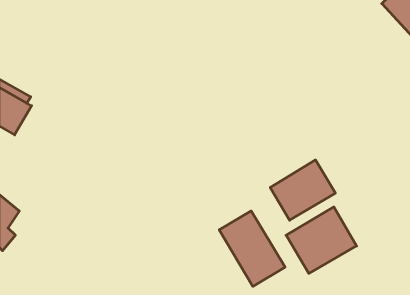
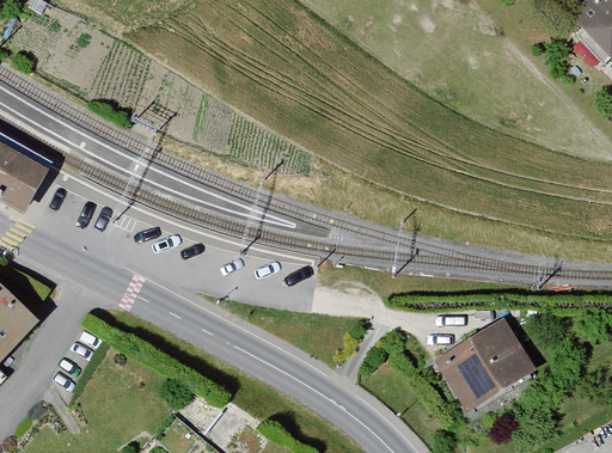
building: [270,160,335,220] -> none
building: [219,211,285,286] -> none

